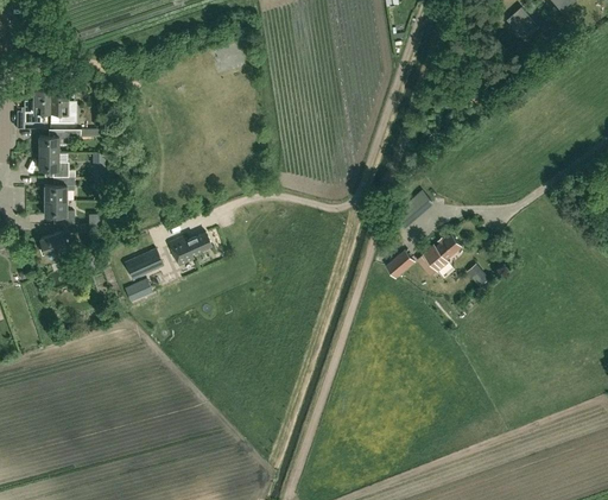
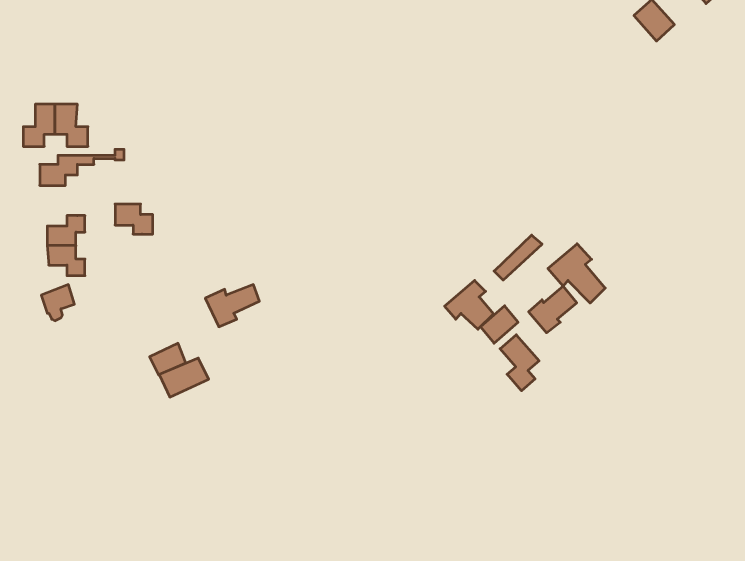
building: [37,154,66,178] -> [115,204,153,234]
building: none -> [548,244,605,303]
building: none -> [445,280,494,329]
building: [124,249,163,280] -> [159,358,209,397]
building: none -> [500,335,539,391]

